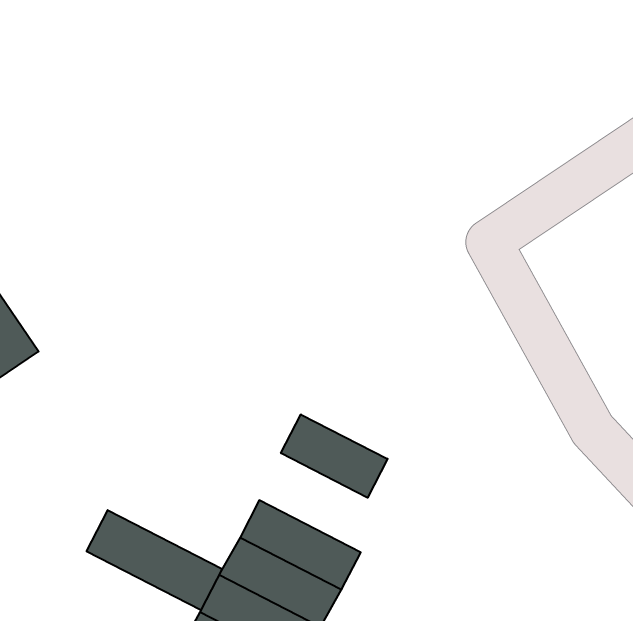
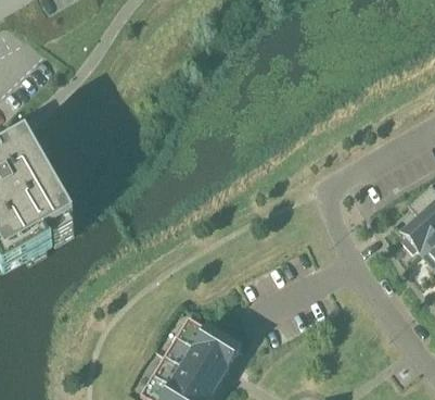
building: [281,414,388,498] -> none
building: [87,510,222,610] -> none

